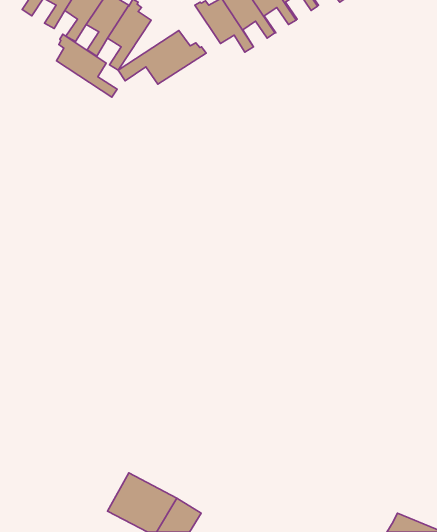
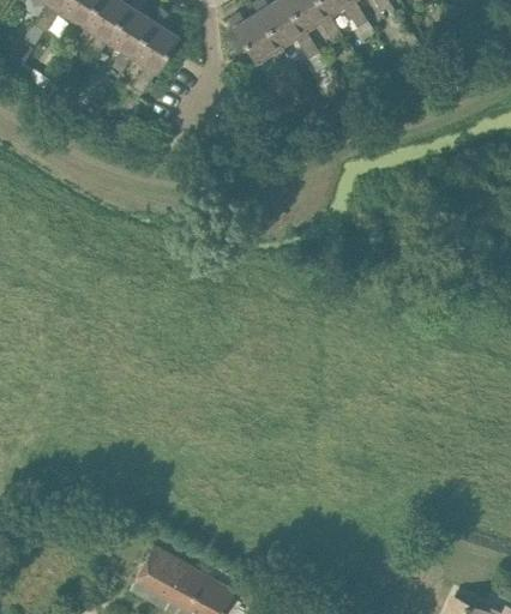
building: [118,31,206,84] -> none
building: [56,34,117,97] -> none

